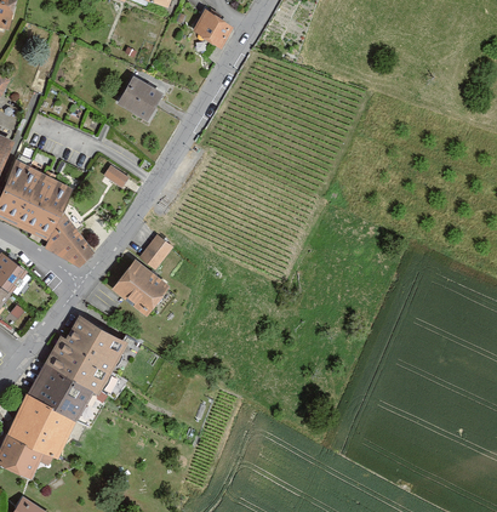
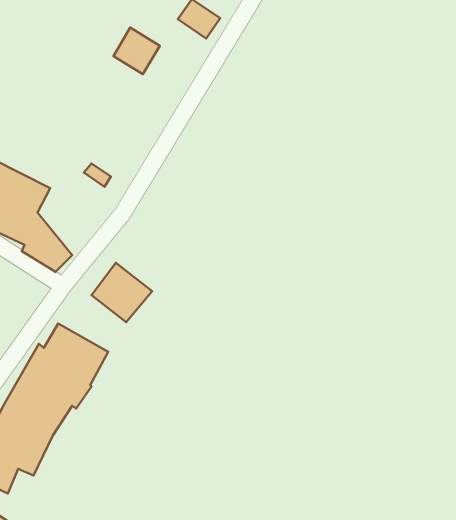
building: [116,76,160,120] -> [113,28,160,74]
building: [138,235,172,269] -> none

